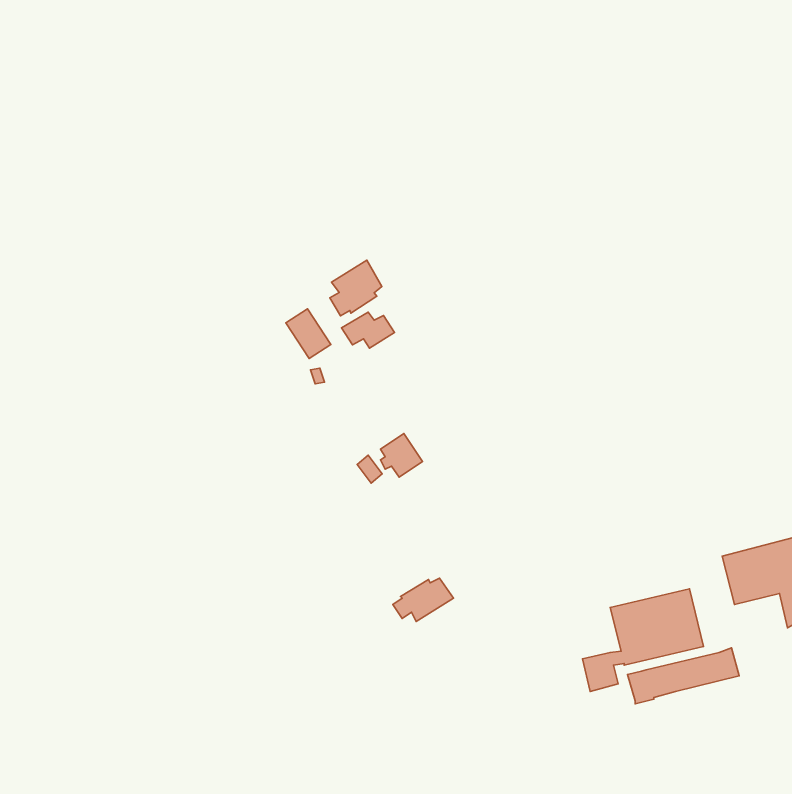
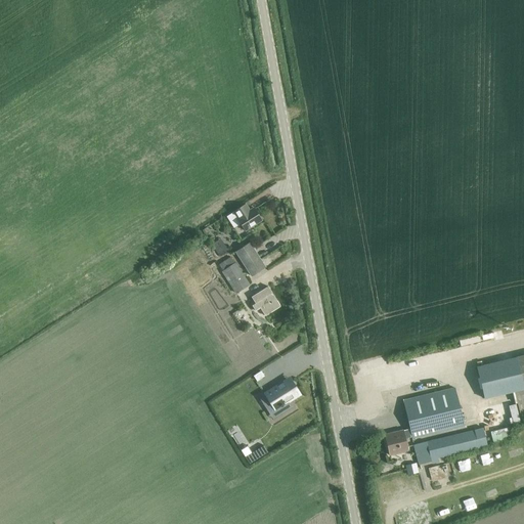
building: [330,260,382,316] -> none
building: [286,309,331,358] -> [234,243,264,275]
building: none -> [222,263,248,292]

